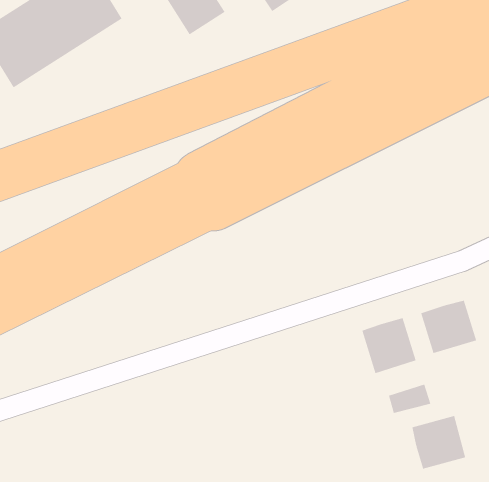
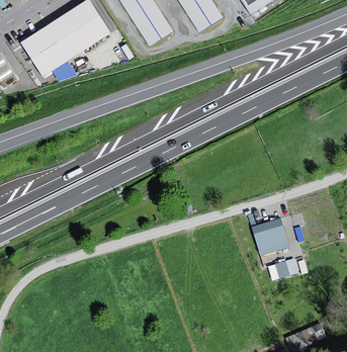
building: [421,300,477,354] -> none
building: [412,415,466,470] -> none

